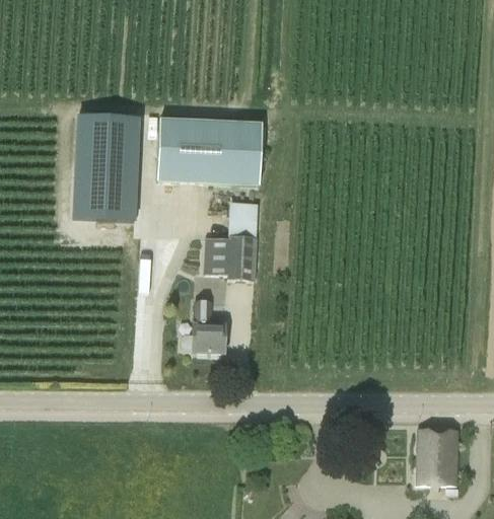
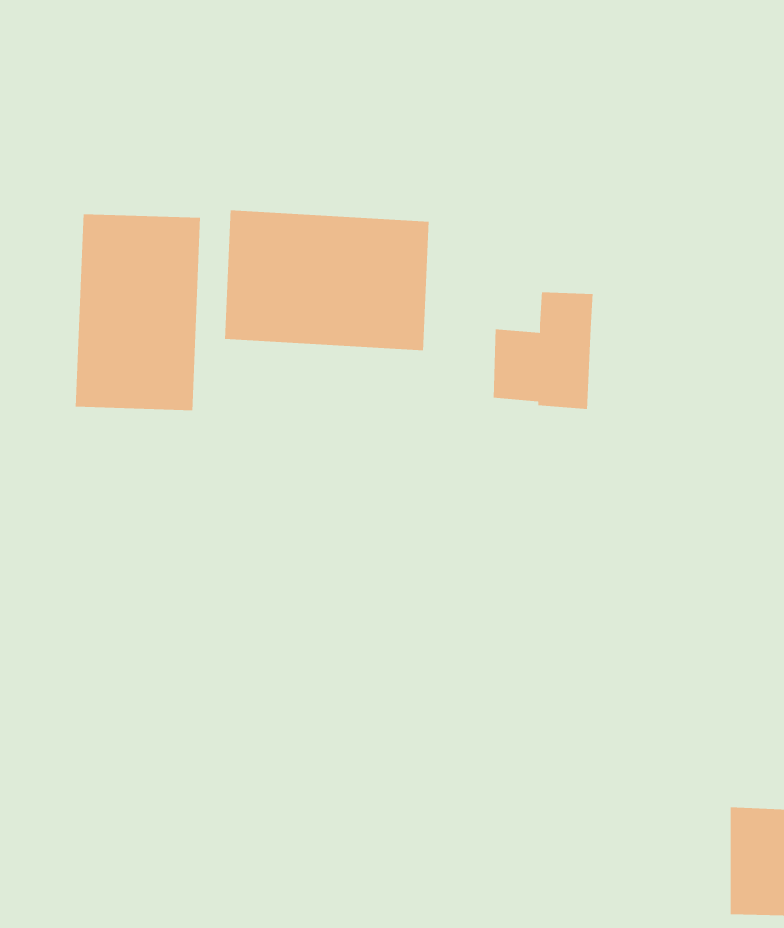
building: [205,218,258,280] -> [493,292,594,410]
building: [183,301,225,353] -> none

